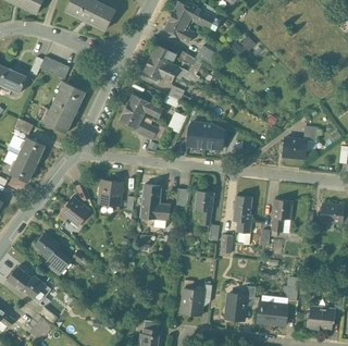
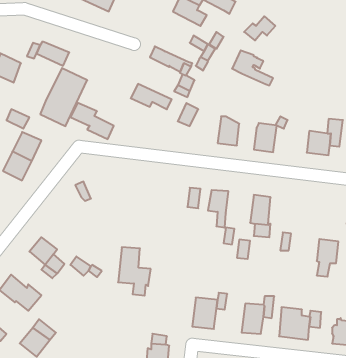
building: [147,45,184,76] -> [232,50,273,85]
building: [119,108,158,140] -> [70,103,114,139]
building: [186,122,207,148] -> [254,123,277,152]
building: [98,180,123,207] -> none
building: [140,185,170,228] -> [118,247,151,296]
building: [57,197,88,225] -> none
building: [272,198,291,232] -> [317,239,338,277]

